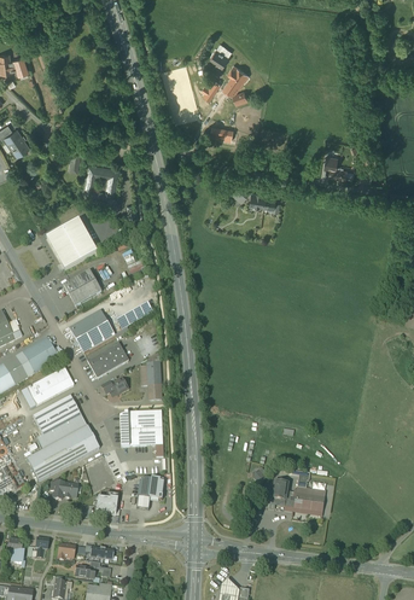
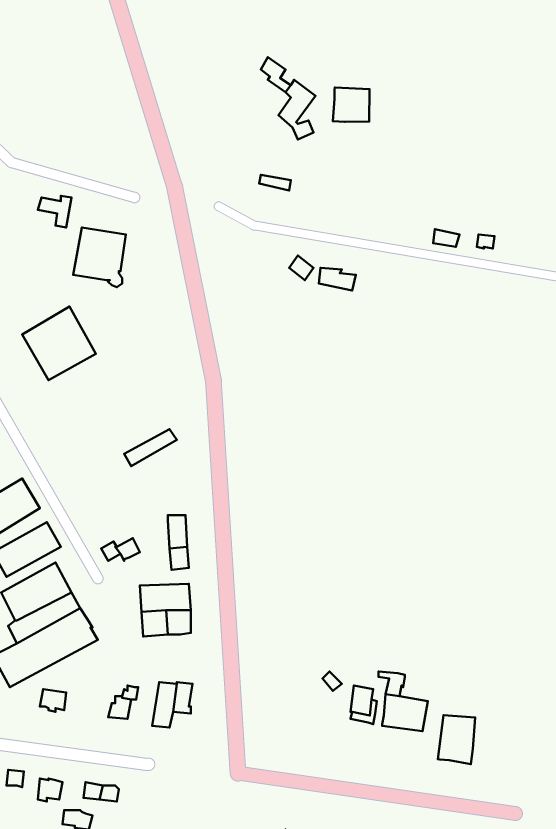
building: none -> [333,88,370,122]
building: [63,269,101,305] -> none
building: [68,309,115,351] -> none
building: [86,342,128,378] -> none
building: none -> [438,715,475,764]

